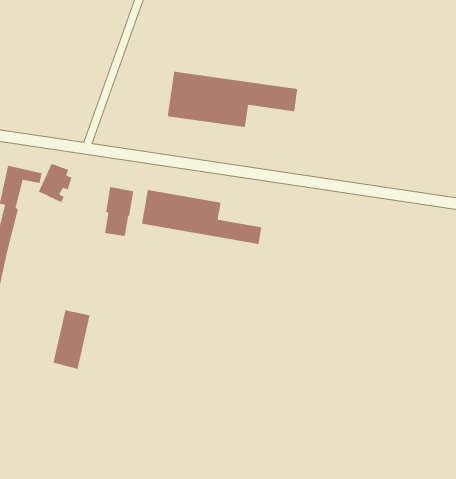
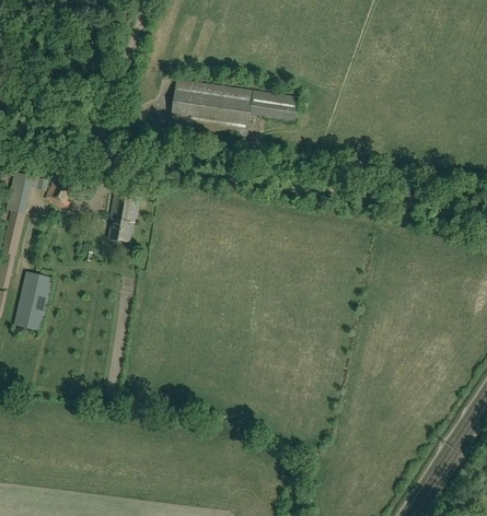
building: [141,189,262,245] -> none
building: [52,309,91,370] -> [14,271,51,330]

